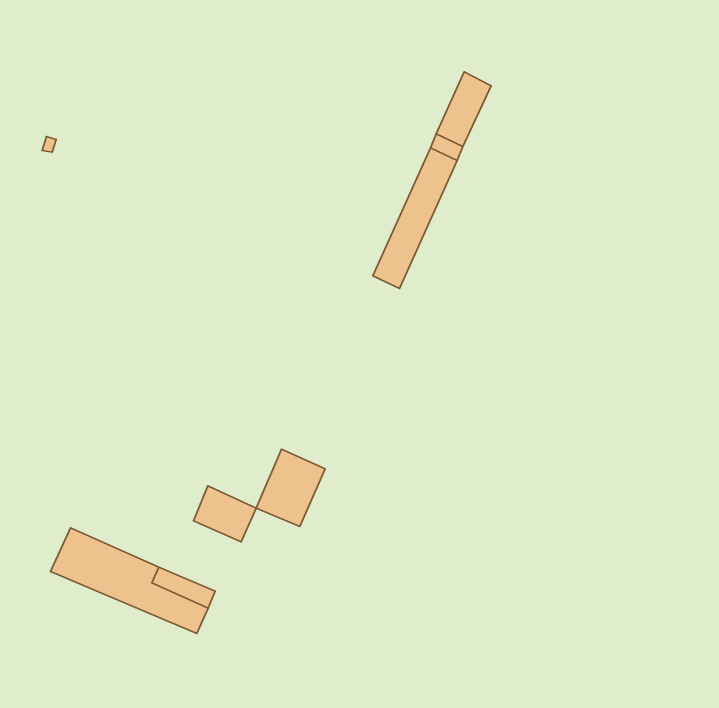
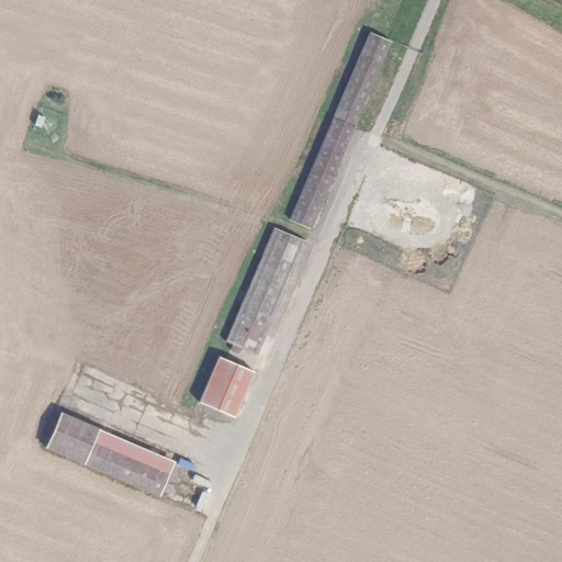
building: none -> [362,31,395,67]
building: none -> [225,227,305,353]
building: [194,486,256,542] -> none

